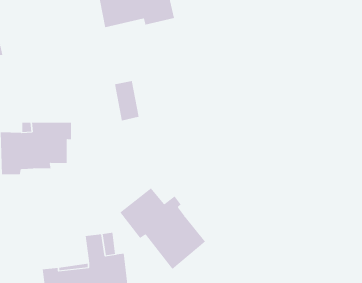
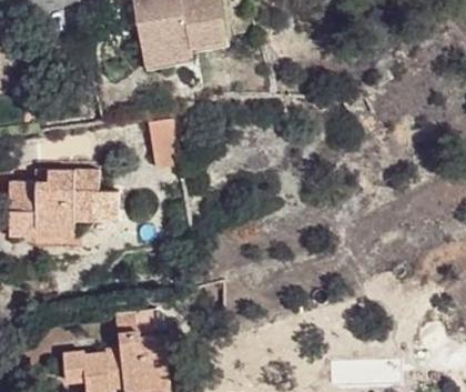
building: none -> [139,38,230,71]
building: [119,188,206,270] -> none

